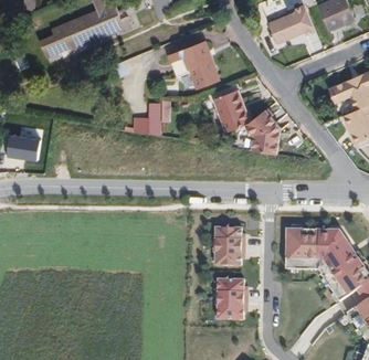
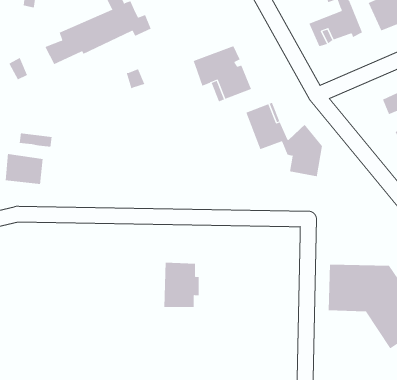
building: [134,103,161,136] -> none
building: [212,227,243,266] -> [163,262,200,307]
building: [215,279,242,318] -> none

